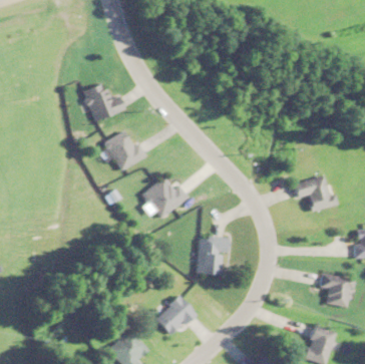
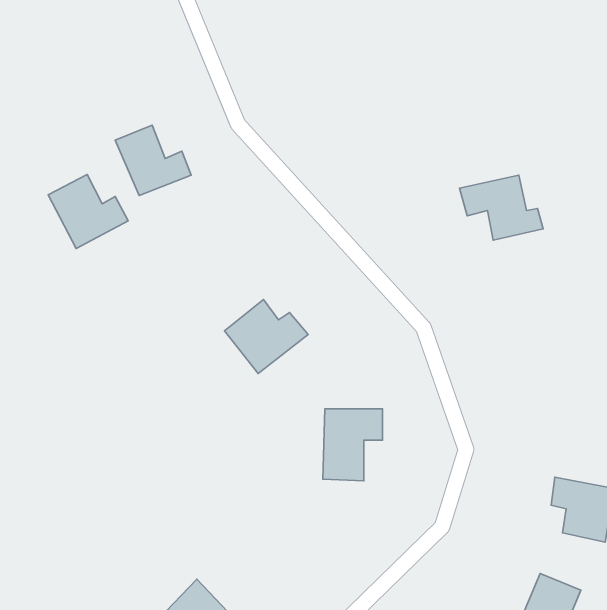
building: [103,130,146,170] -> [48,174,128,248]
building: [291,175,336,211] -> [460,175,543,240]
building: [151,295,194,335] -> none

